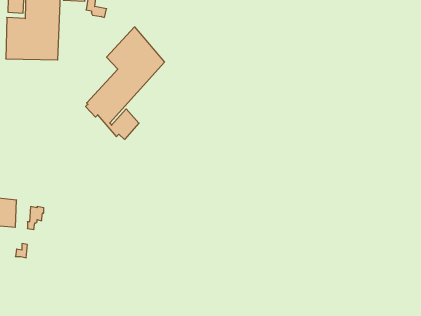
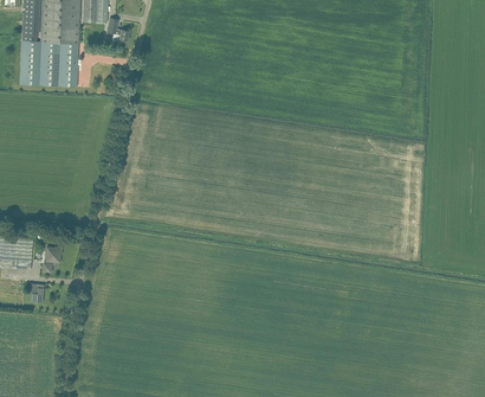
building: [86,27,164,139] -> none

